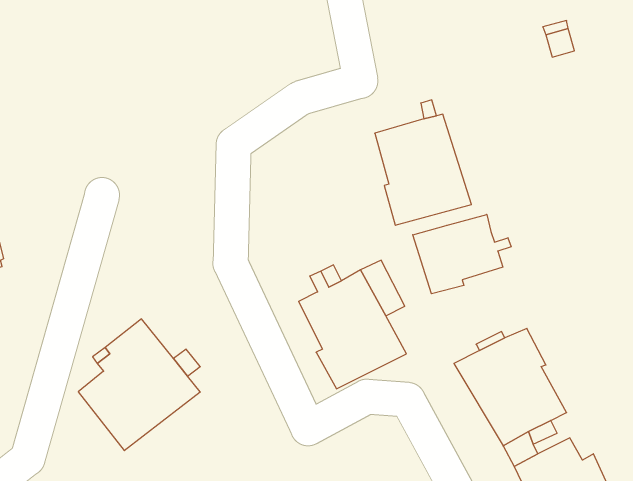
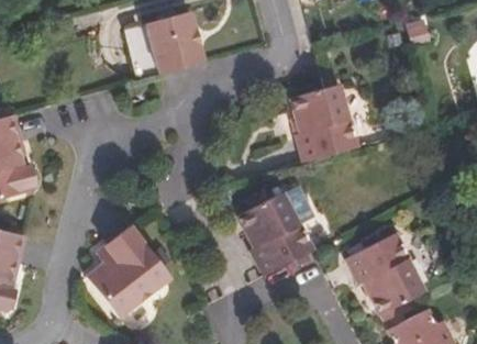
building: none -> [125,11,204,80]
building: [413,214,511,294] -> none

